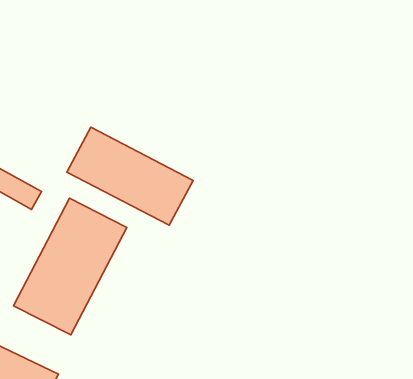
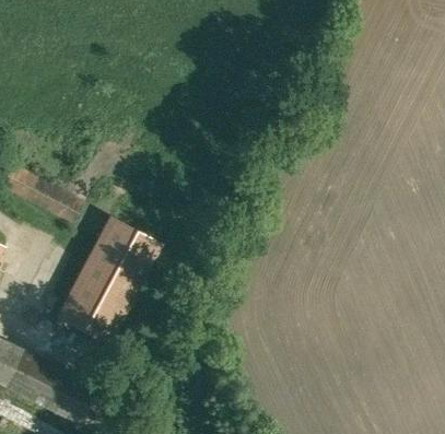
building: [67,127,193,225] -> none

